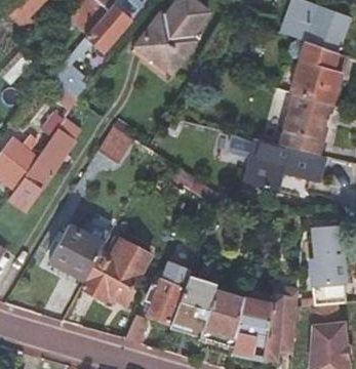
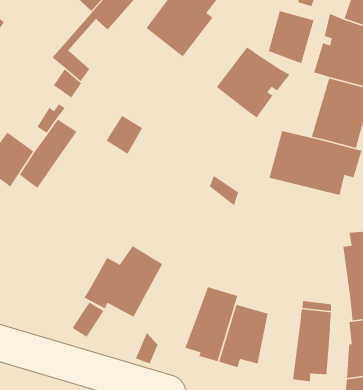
building: none -> [268,10,314,64]
building: none -> [216,46,291,119]
building: [48,222,104,278] -> none
building: [147,266,191,323] -> none
building: [232,294,270,356] -> none

